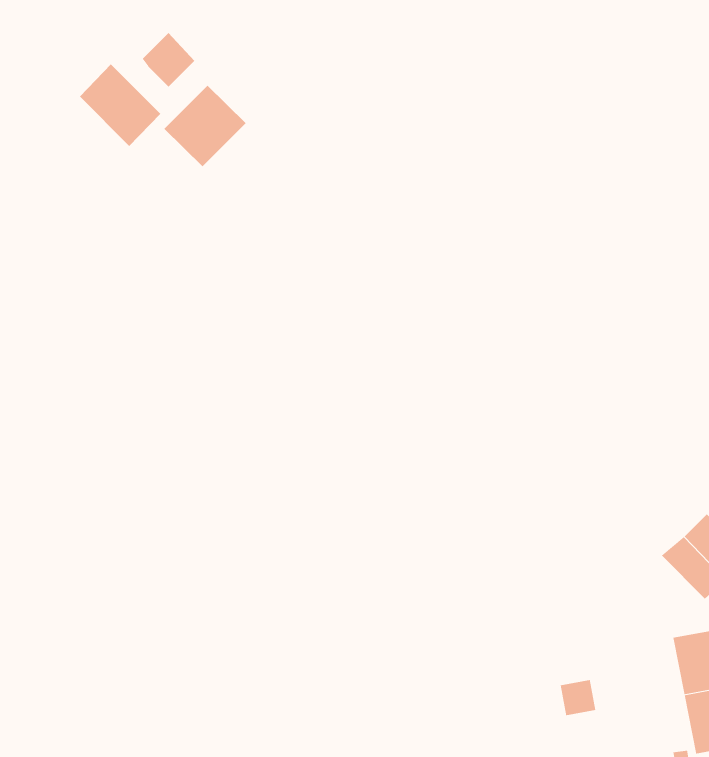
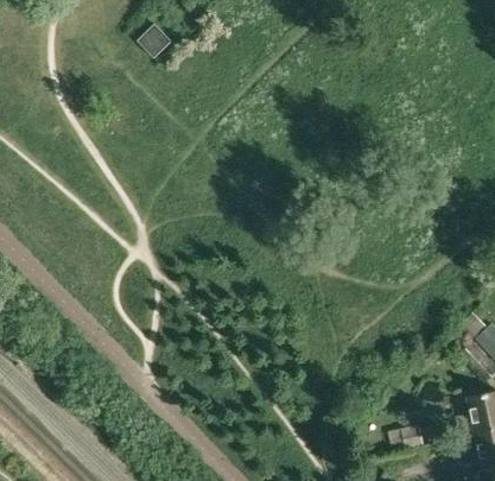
building: [79,64,161,147] -> none
building: [163,85,246,167] -> none

